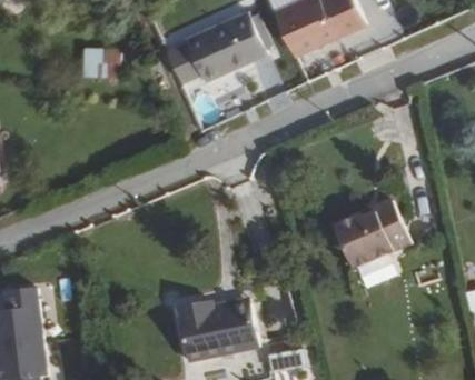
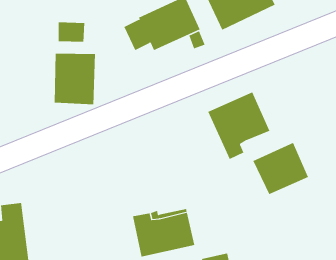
building: none -> [54,53,96,105]
building: none -> [207,92,270,160]

